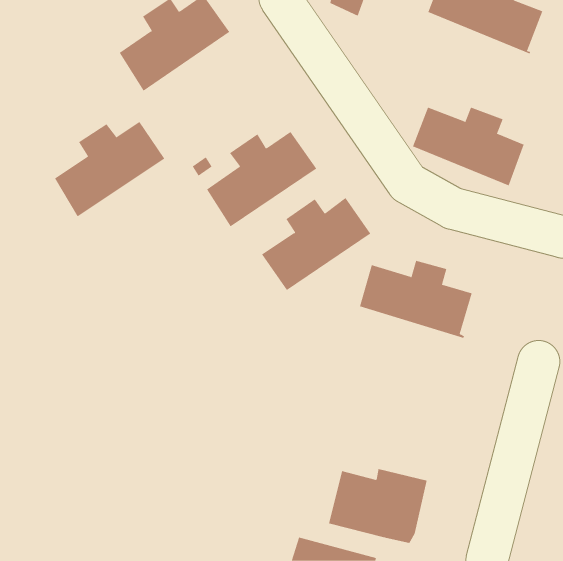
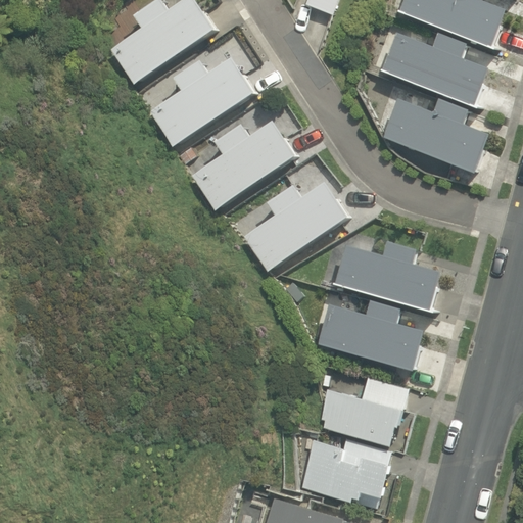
building: none -> [380,33,487,109]
building: [54,121,165,217] -> [149,58,252,147]
building: none -> [316,300,422,371]
building: none -> [326,370,416,443]

